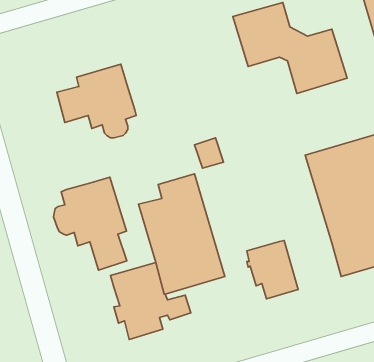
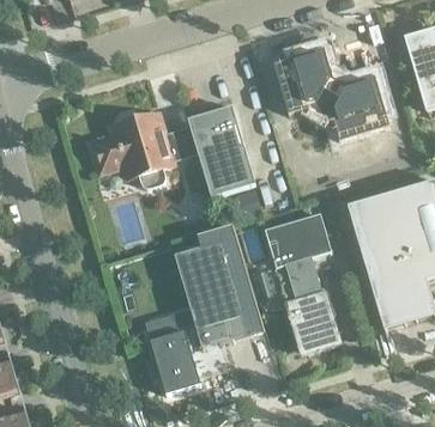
building: none -> [163,104,255,196]
building: none -> [264,213,331,303]
building: [54,177,127,270] -> none

